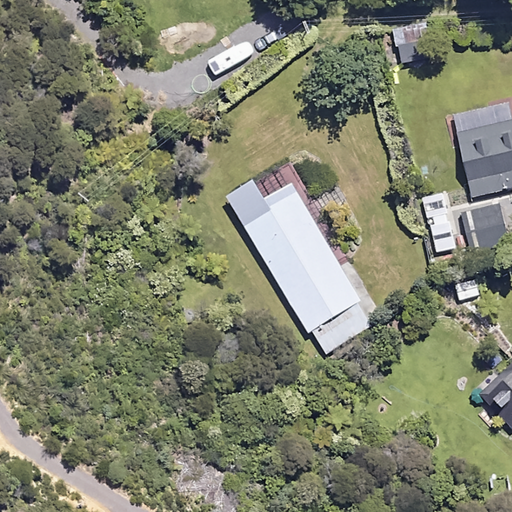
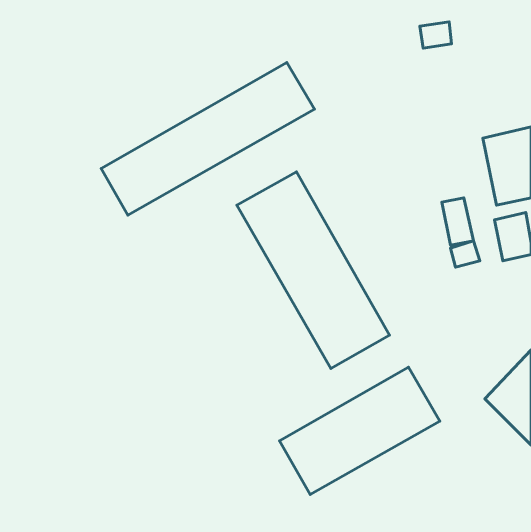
building: none -> [101,62,314,215]
building: none -> [280,367,440,494]

